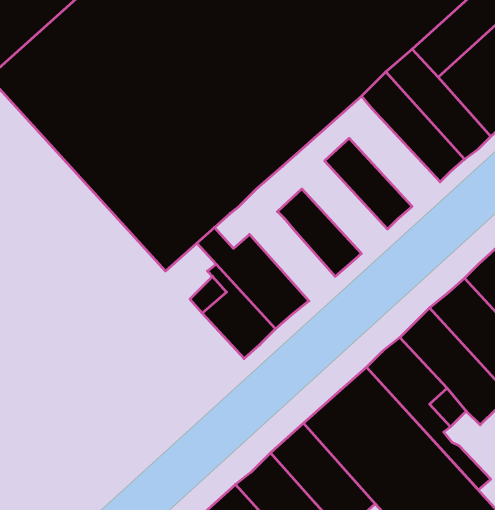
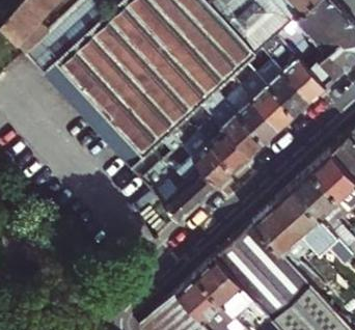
building: none -> [241,72,297,130]
building: none -> [203,99,266,158]
building: none -> [185,133,235,186]

